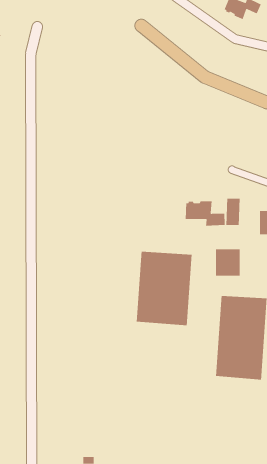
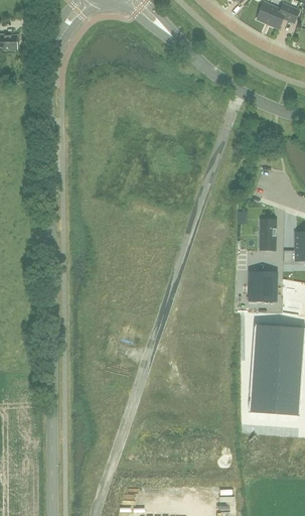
building: [185,200,225,226] -> none
building: [136,251,192,326] -> none

